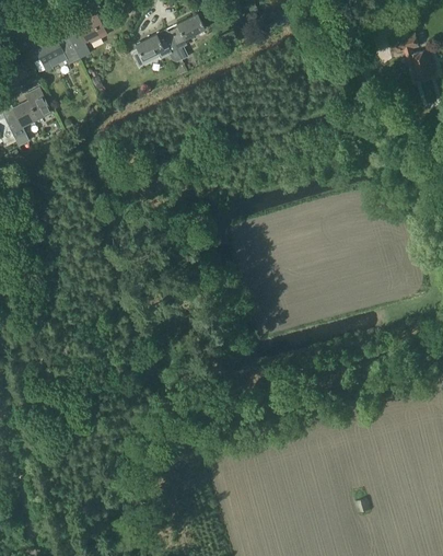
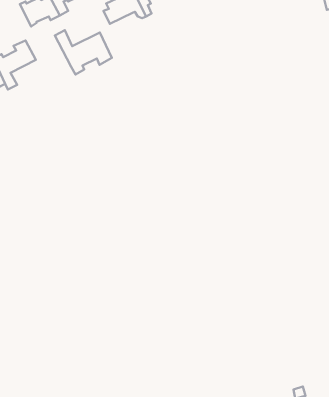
building: none -> [55,30,112,75]

